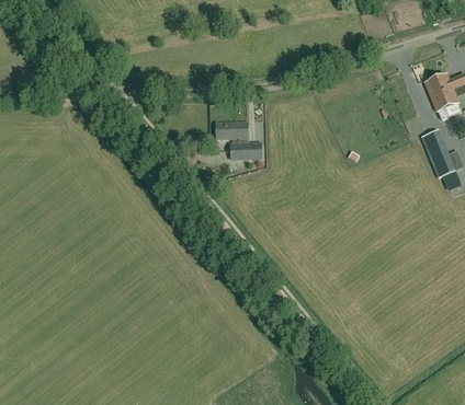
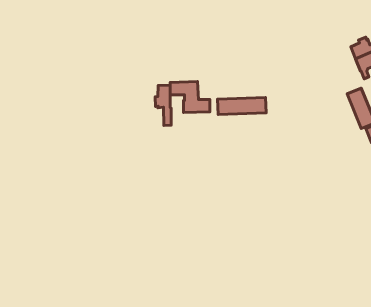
building: none -> [155,85,171,126]
building: none -> [217,98,266,115]

